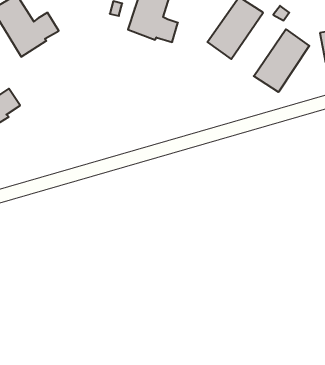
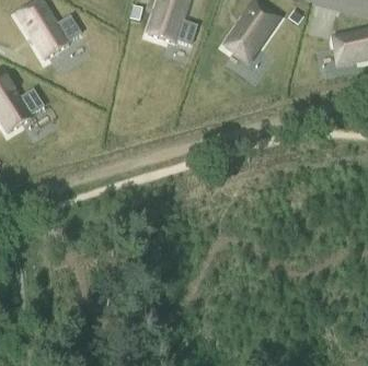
building: [254,29,309,92] -> none

